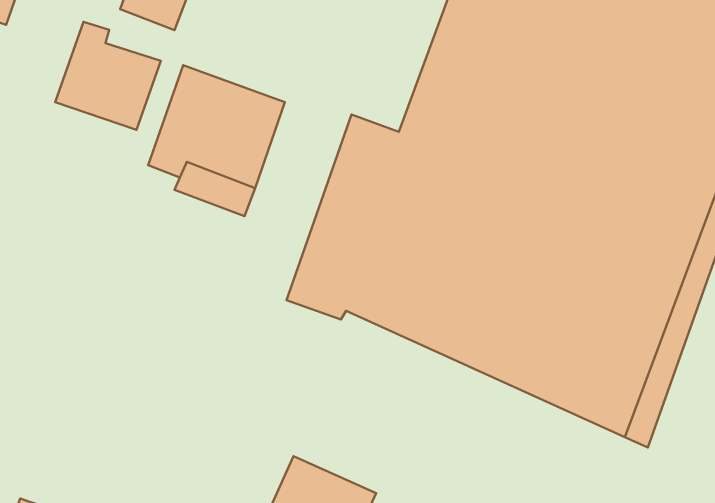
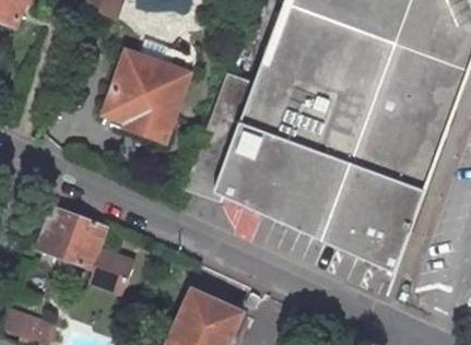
building: [55,22,161,130] -> none
building: none -> [35,209,130,293]

